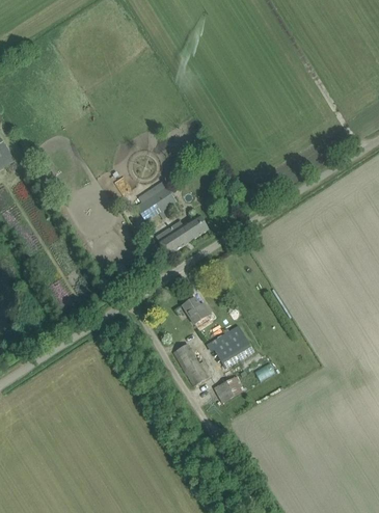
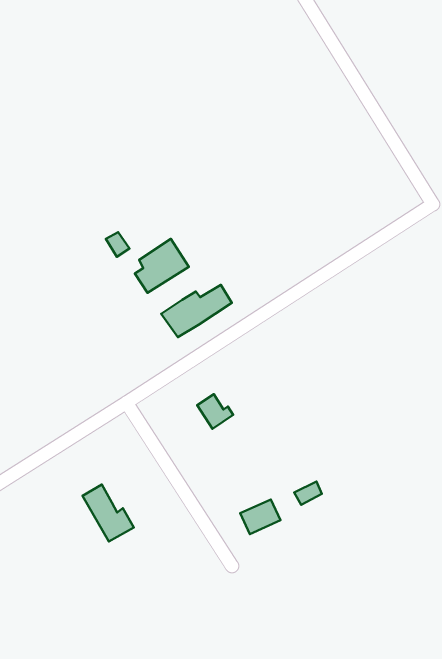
building: [210,324,253,367] -> none
building: [173,342,212,384] -> [83,485,134,541]

